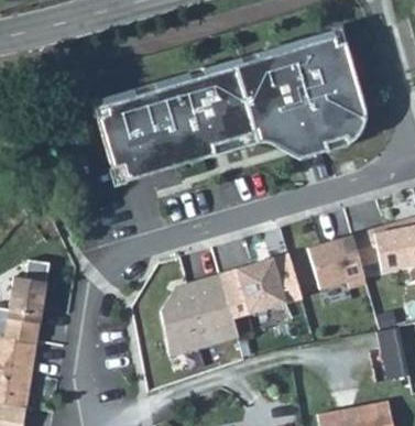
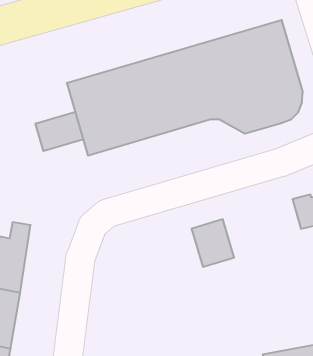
building: none -> [36,112,83,151]
building: [307,236,367,290] -> none
building: [162,274,239,358] -> none

